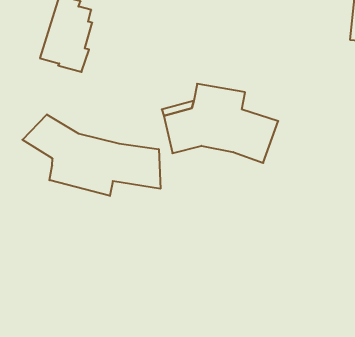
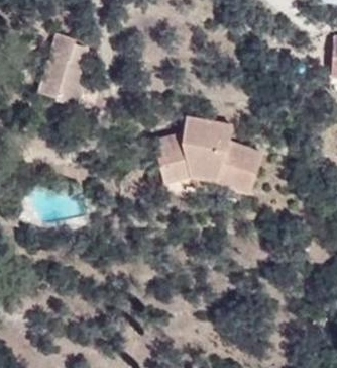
building: [22,114,160,196] -> none

